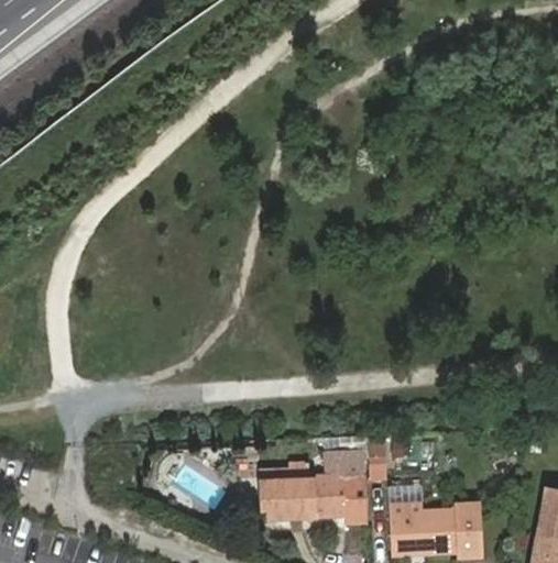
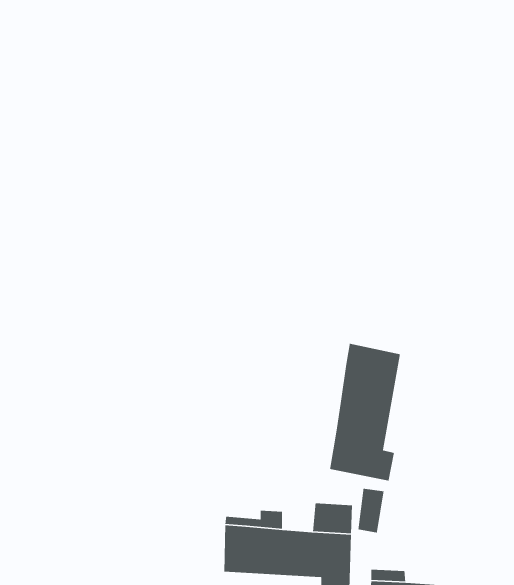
building: none -> [329,343,401,481]

